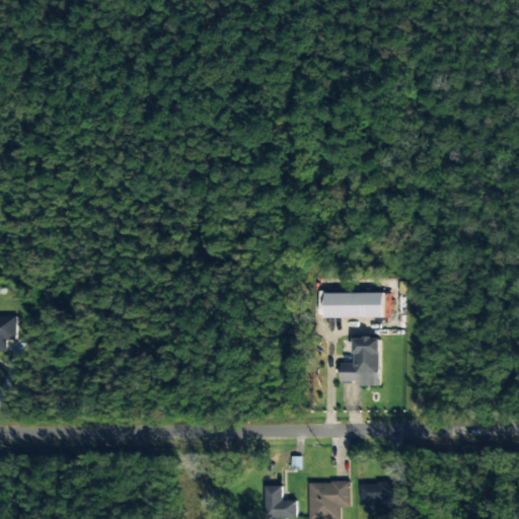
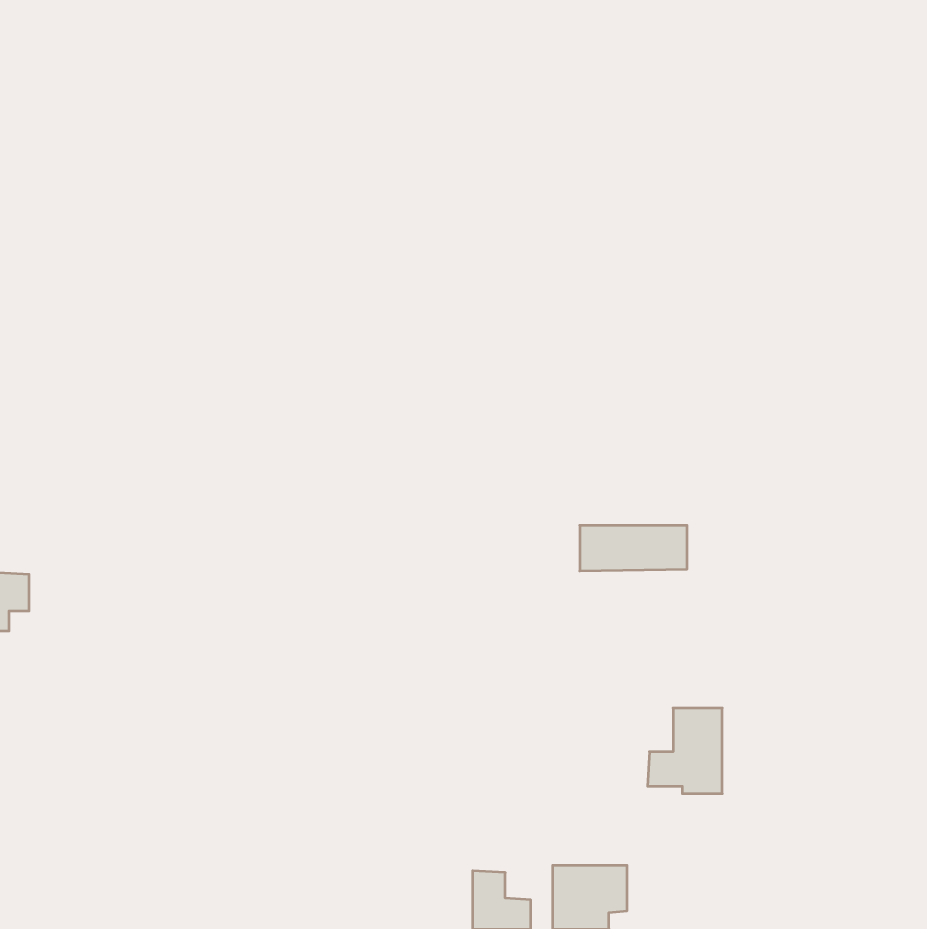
building: [339,339,380,386] -> [648,708,722,794]
building: [358,483,389,503] -> none

